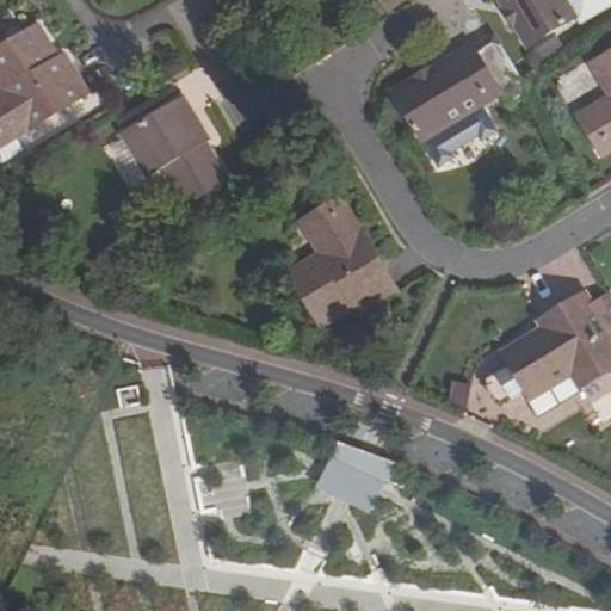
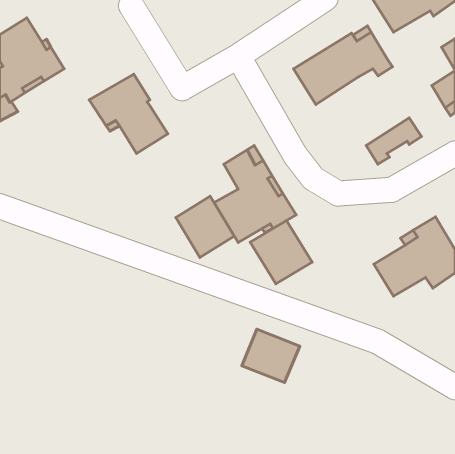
building: [422,103,496,165] -> [366,118,422,164]
building: none -> [176,196,234,257]
building: none -> [250,220,312,284]

